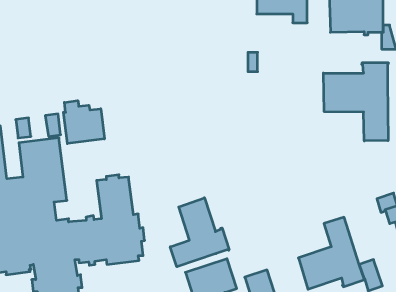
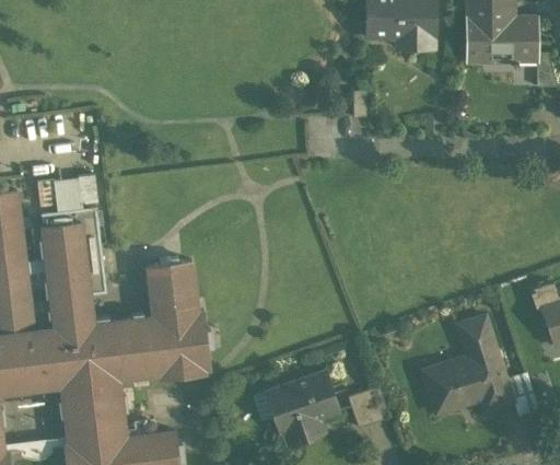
building: [323,63,388,141] -> none
building: [63,101,104,144] -> none
building: [170,198,229,267] -> none

